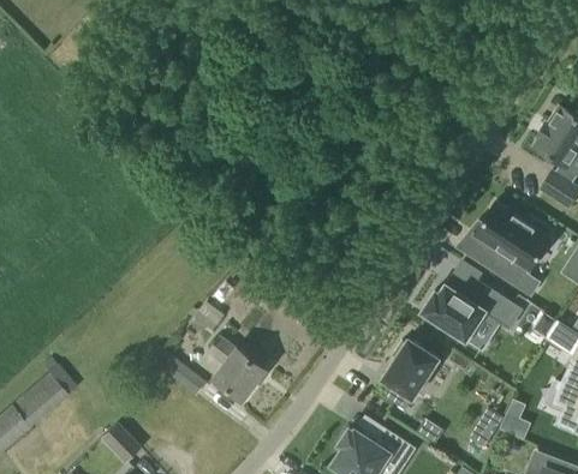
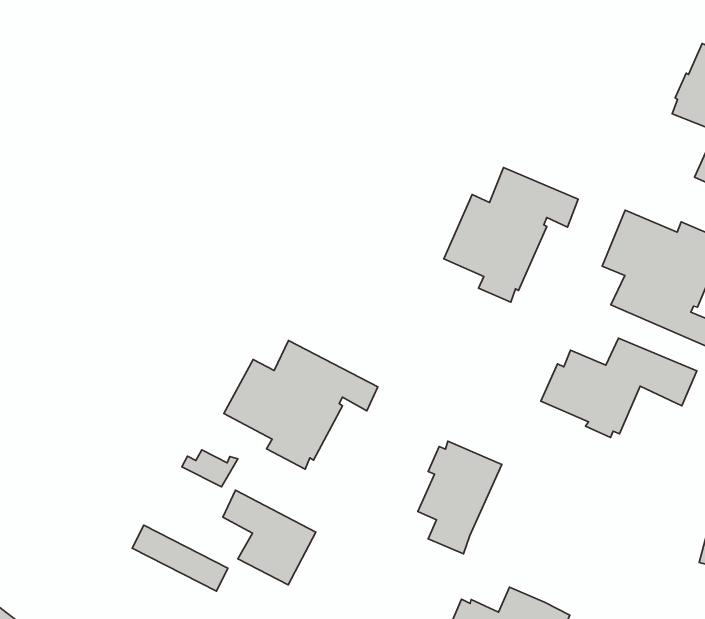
building: none -> [444,167,578,302]
building: none -> [224,341,378,469]
building: [381,338,439,410] -> [418,441,502,554]

